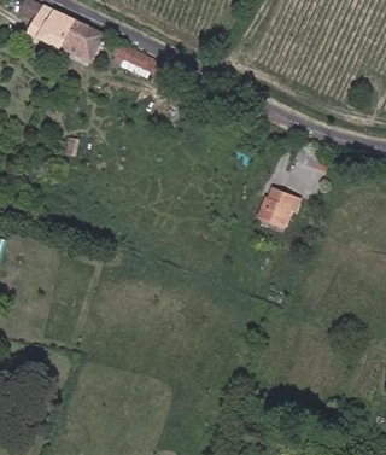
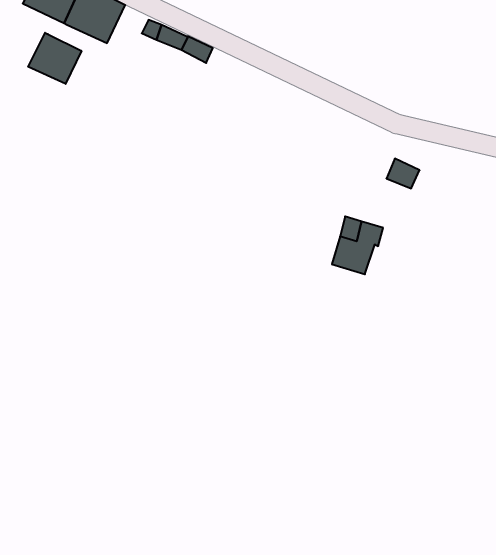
building: none -> [28,33,81,84]

